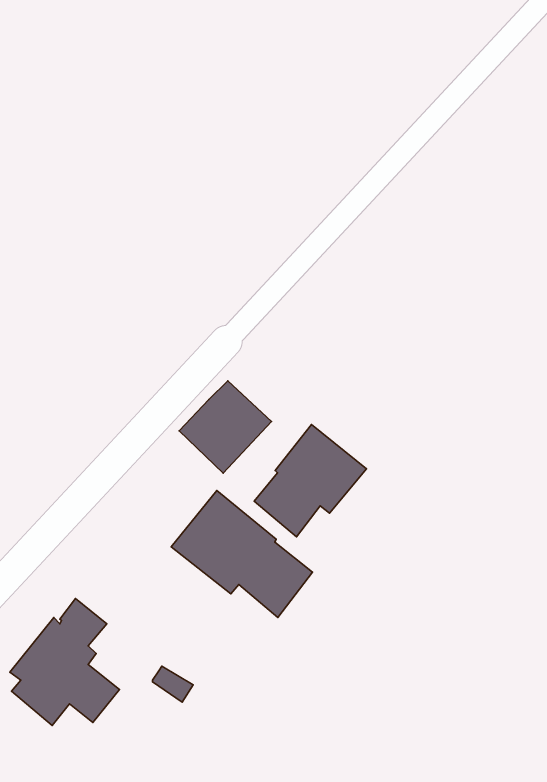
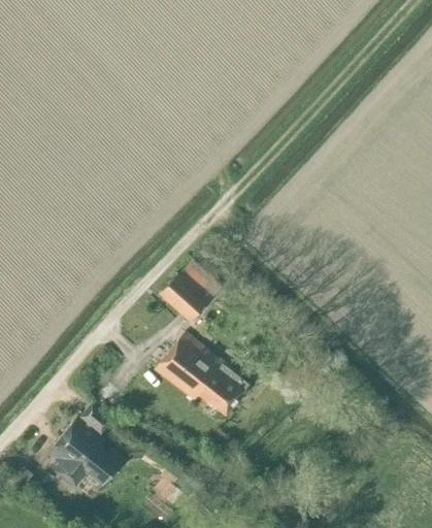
building: [254,425,366,537] -> none

